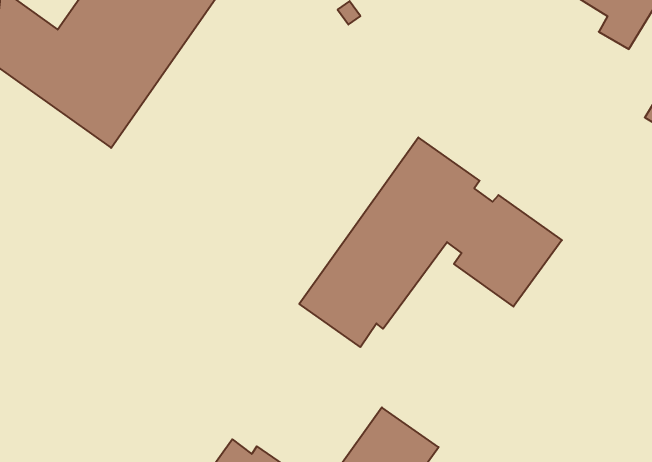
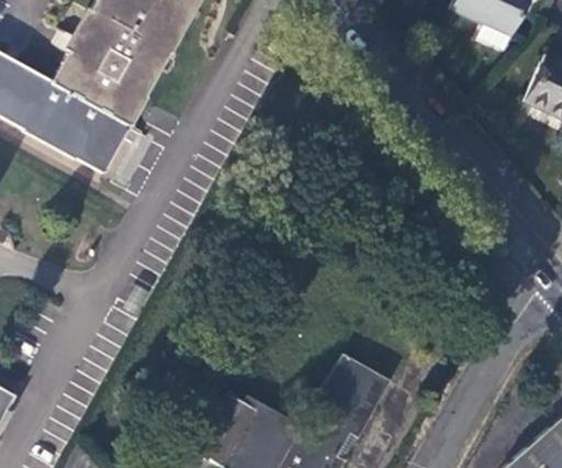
building: [299,137,562,347] -> none

